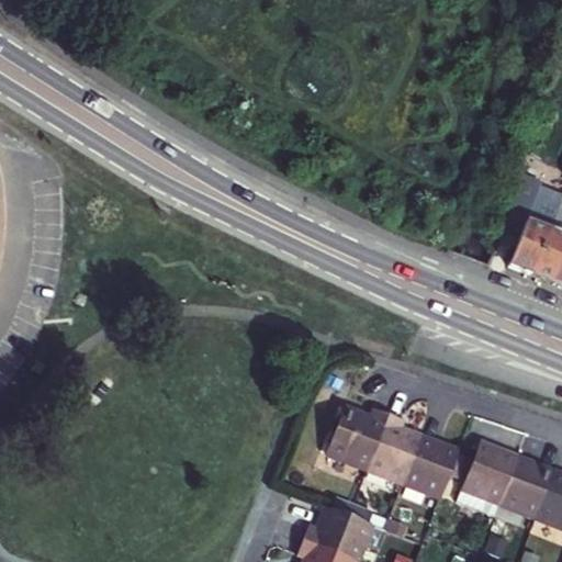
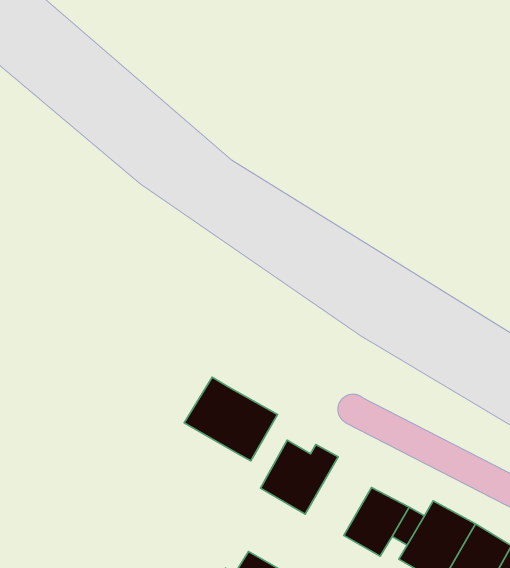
building: none -> [184,377,278,461]
building: [369,416,423,483] -> none

